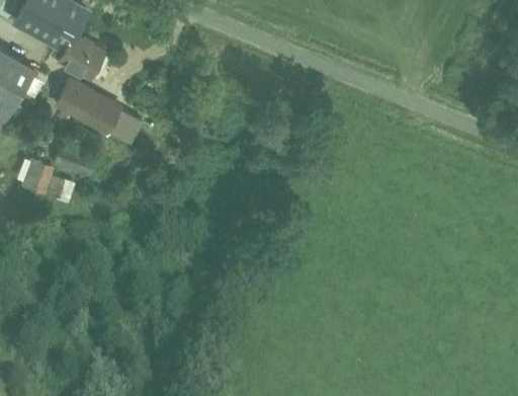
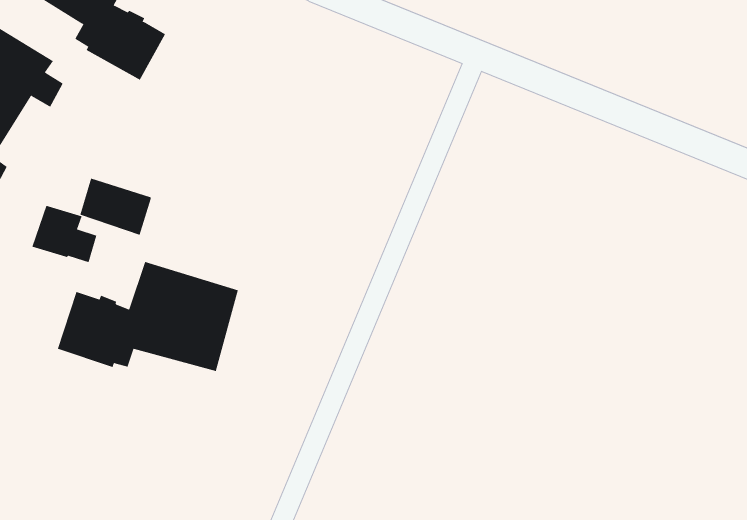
building: [54,79,143,146] -> none
building: none -> [57,261,239,372]

